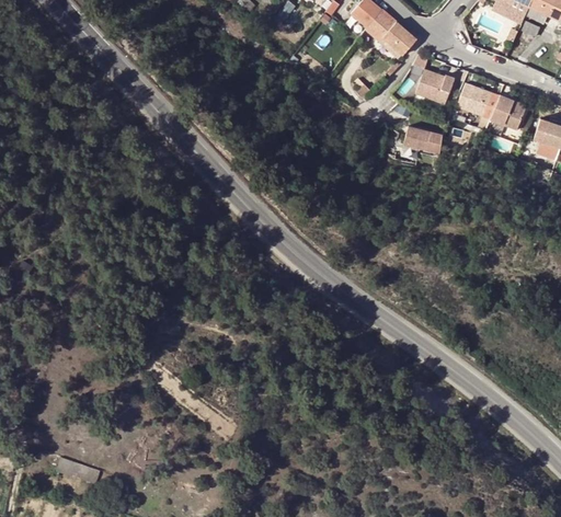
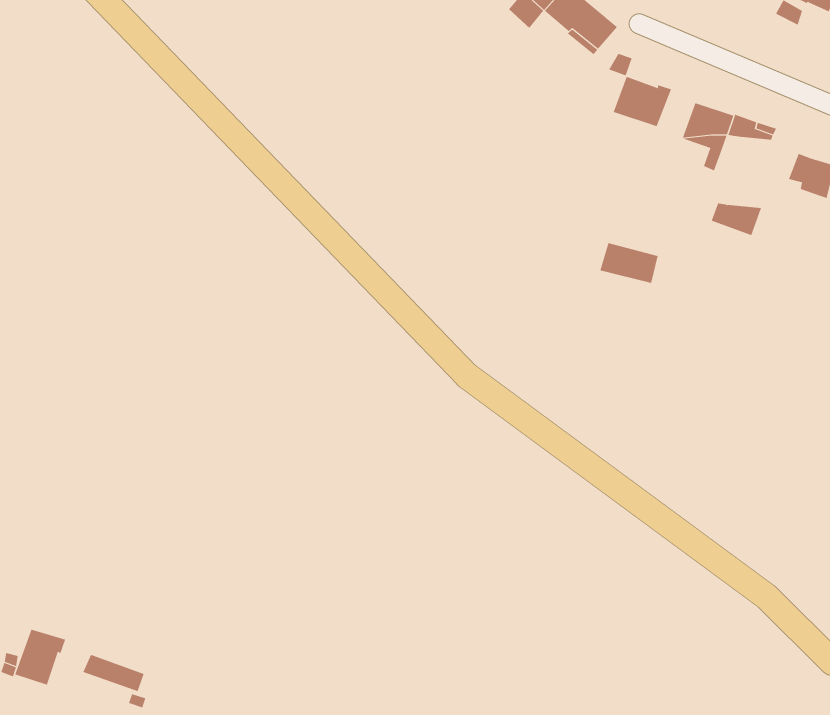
building: [486,110,520,131] -> [711,203,762,236]
building: [400,127,439,154] -> [600,243,658,284]
building: none -> [14,629,66,686]

